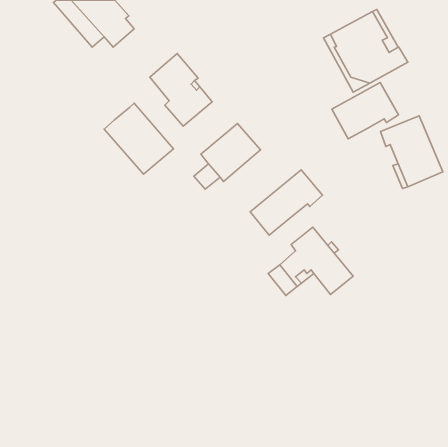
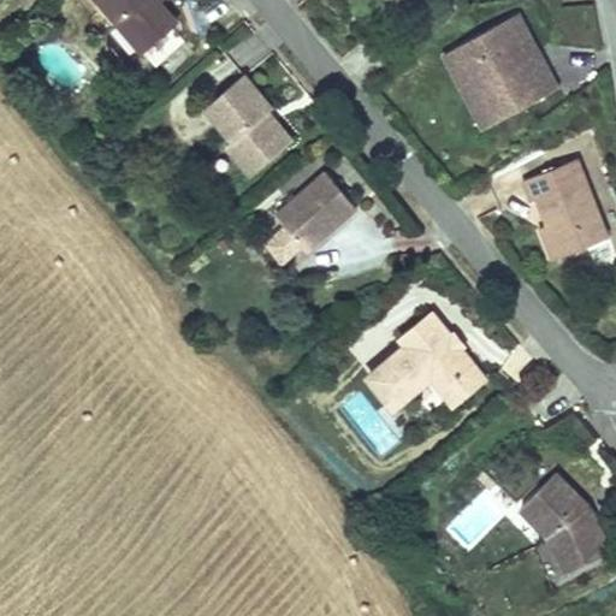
building: [332,83,398,139] -> none
building: [104,103,173,174] -> none
building: [250,170,323,235] -> none
building: none -> [521,474,610,573]

